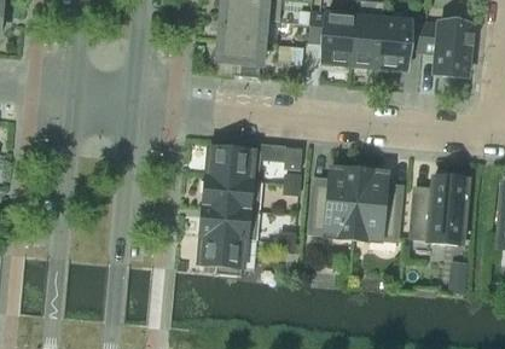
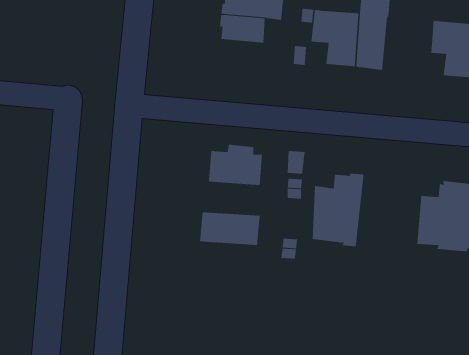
building: [377,17,425,71] -> none
building: [217,39,262,76] -> none
building: [352,169,401,240] -> none
building: [202,175,261,209] -> none
building: [199,234,256,275] -> none

